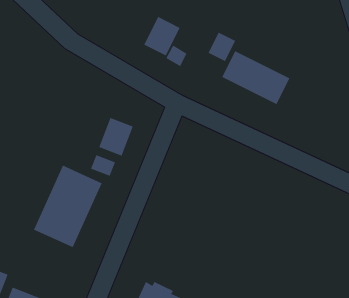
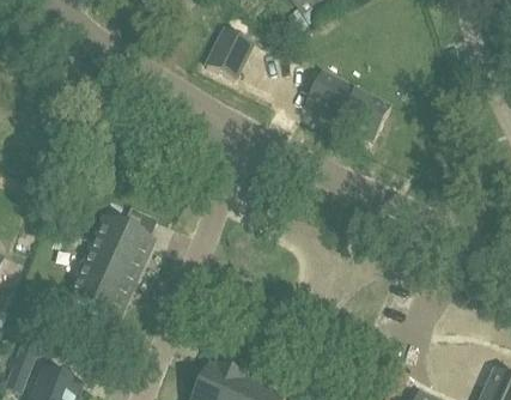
building: [208,32,236,62] -> none
building: [99,117,133,157] -> none

